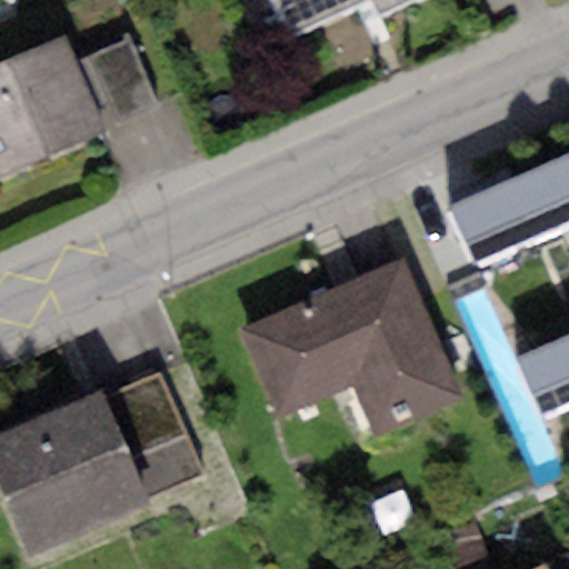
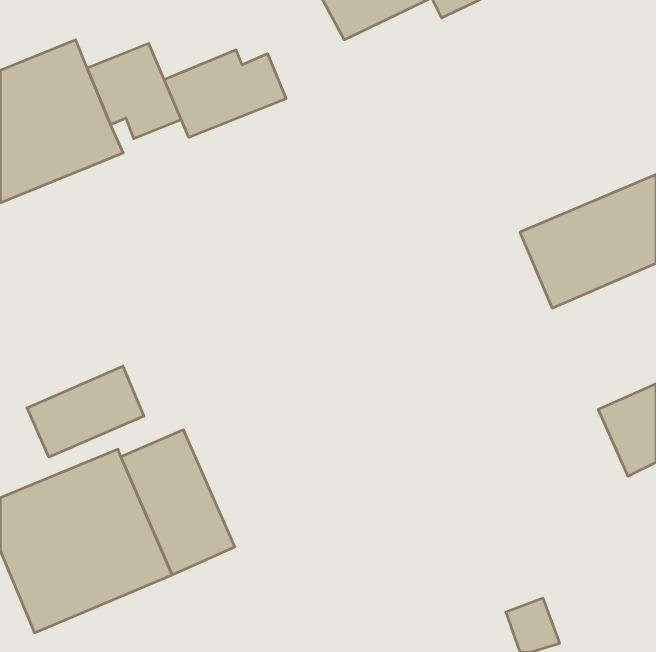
building: none -> [164,50,286,137]
building: [243,264,460,431] -> none
building: none -> [27,366,144,457]

